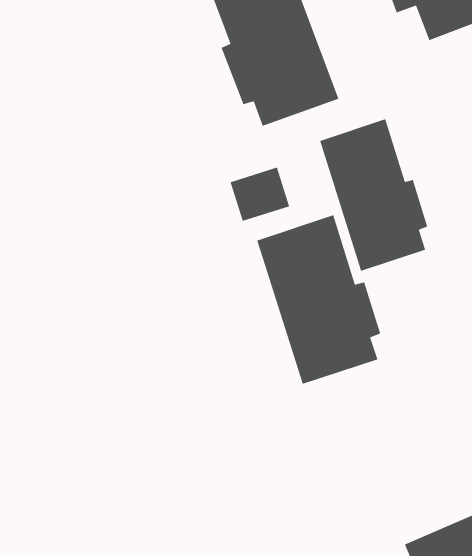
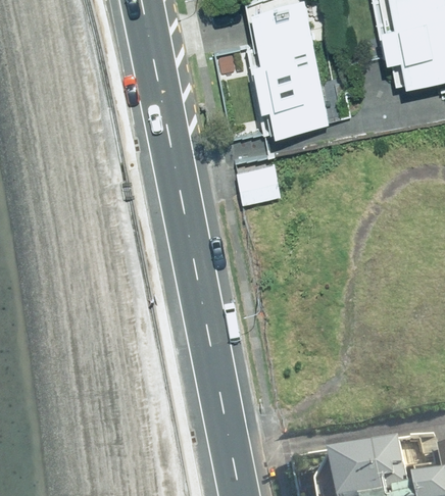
building: [319,118,428,272] -> none
building: [256,214,381,385] -> none

